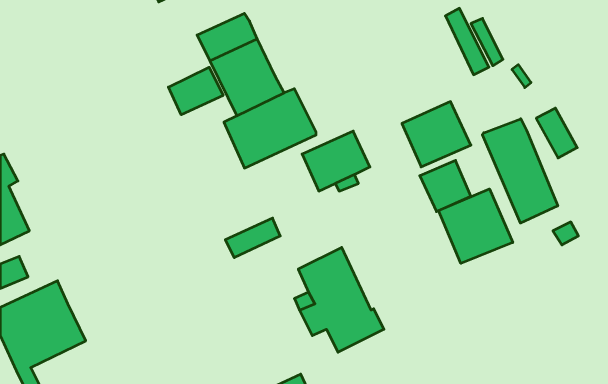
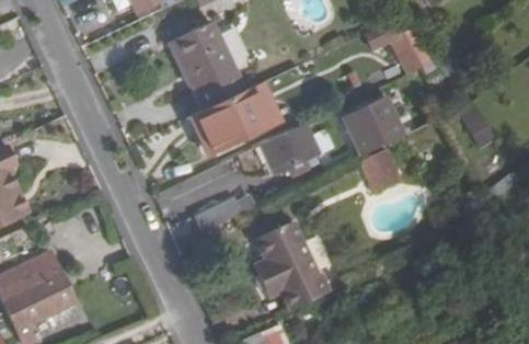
building: [168,67,223,115] -> none
building: [482,119,558,223] -> none
building: [439,189,513,263] -> none

